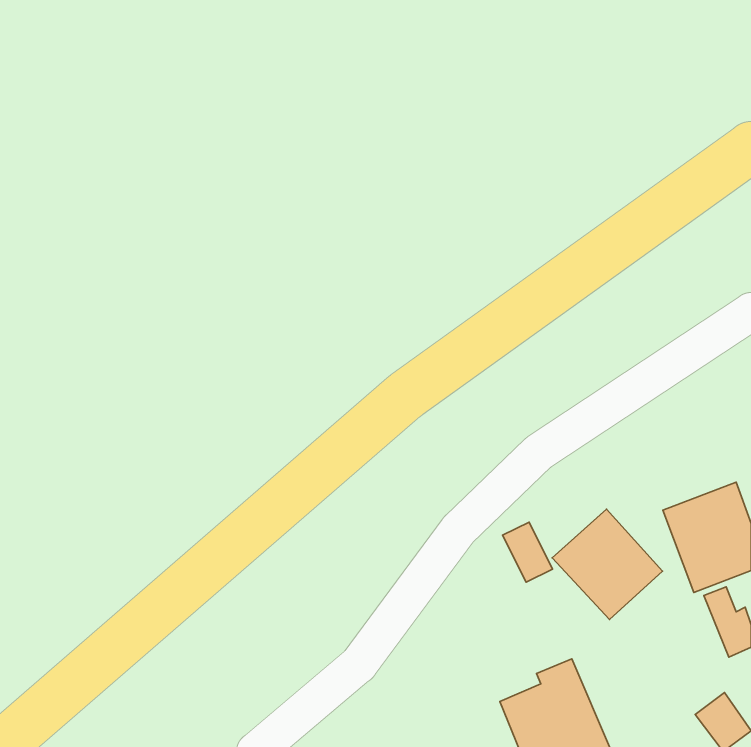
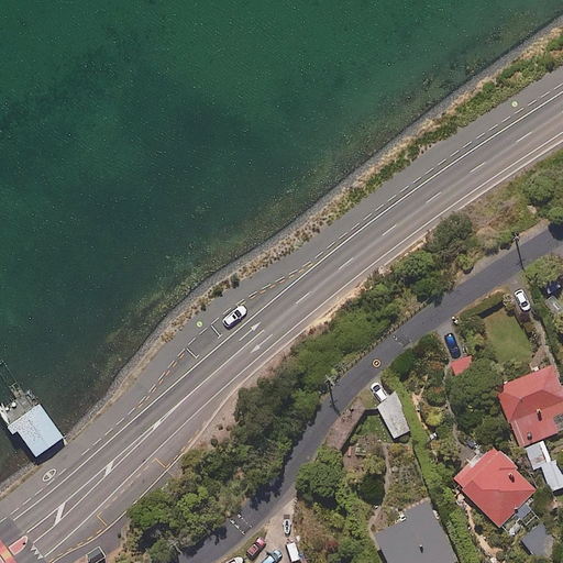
building: [552,509,662,620] -> [455,444,538,527]
building: none -> [12,410,65,464]

